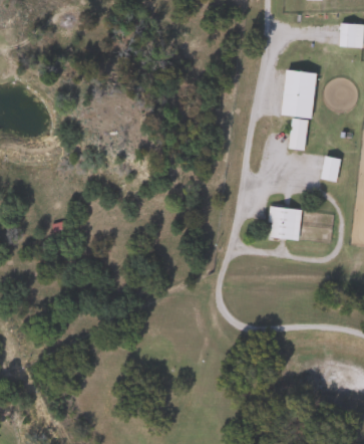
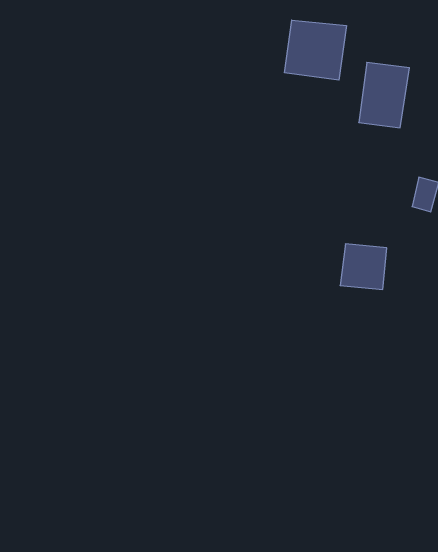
building: none -> [285,20,346,80]
building: [287,119,308,151] -> none

